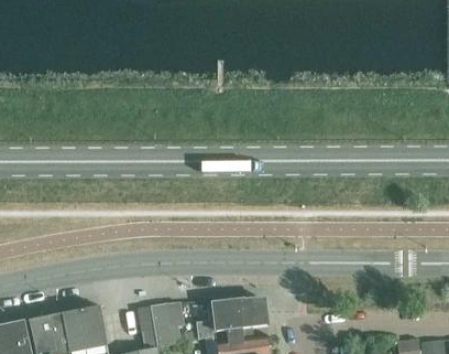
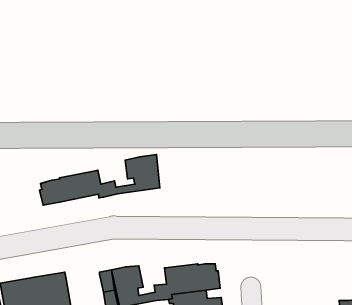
building: none -> [40,155,160,205]

